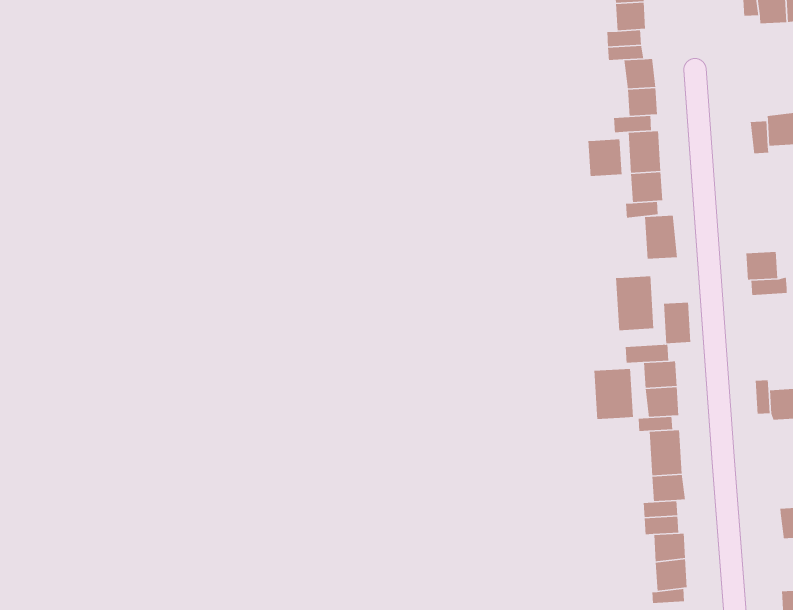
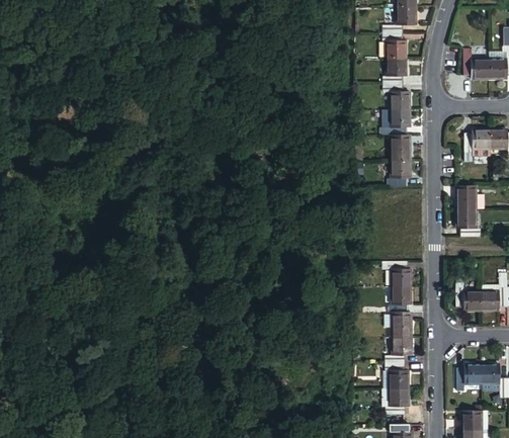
building: [588,139,622,177] -> none
building: [644,215,678,260] -> [455,186,474,211]
building: [615,275,654,331] -> none
building: [663,302,691,344] -> none
building: [593,368,634,420] -> none

